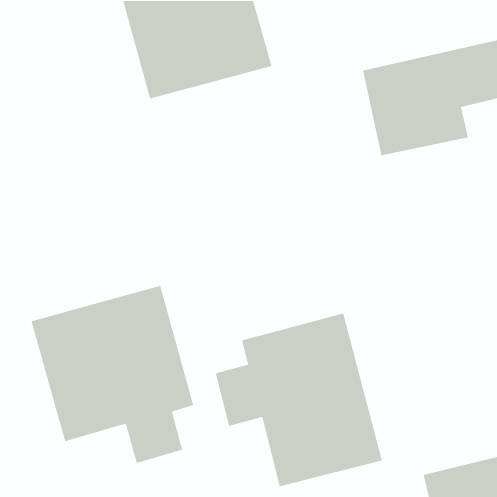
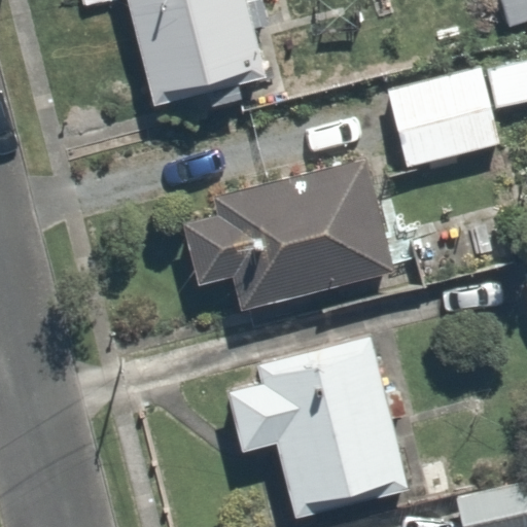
building: none -> [172,161,399,311]
building: [30,285,194,464] -> none

